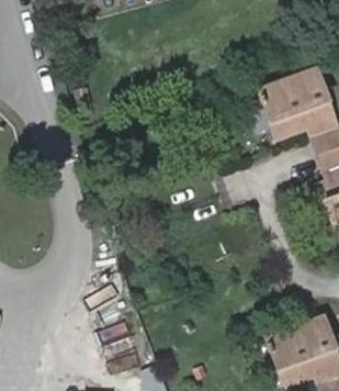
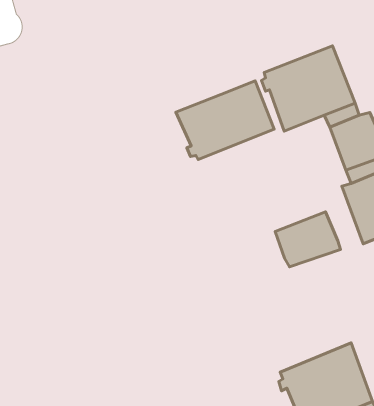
building: none -> [176,81,274,159]
building: none -> [275,212,340,267]

